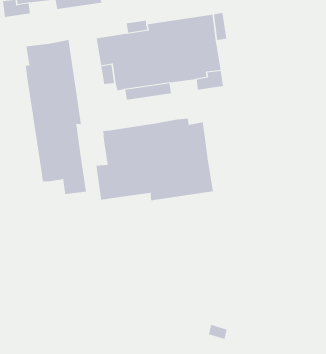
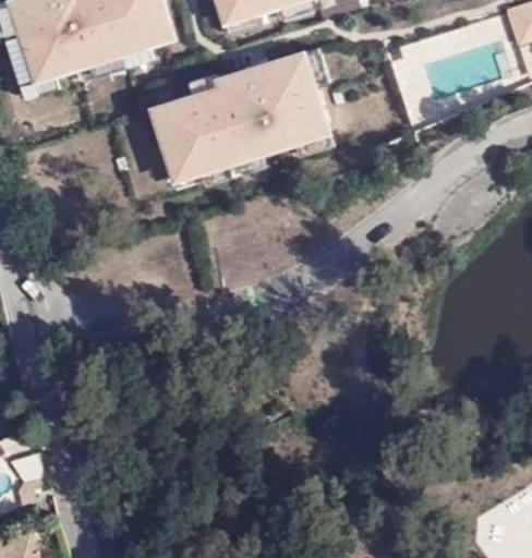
building: [25,39,87,195] -> none
building: [96,118,214,201] -> none

